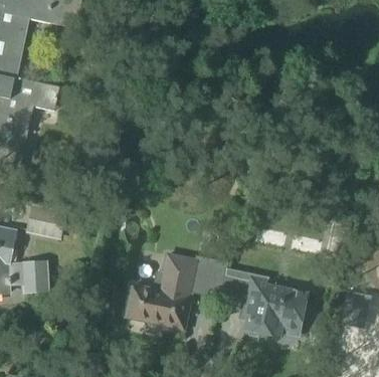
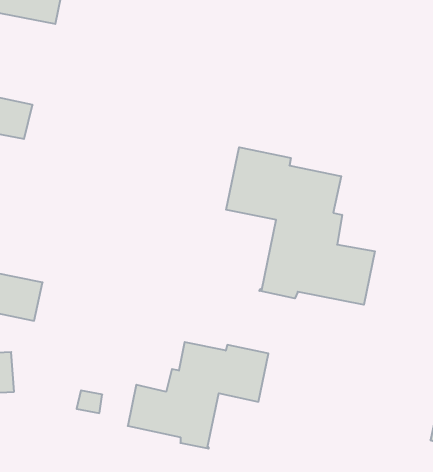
building: none -> [226,147,375,305]
building: [219,261,311,335] -> none

